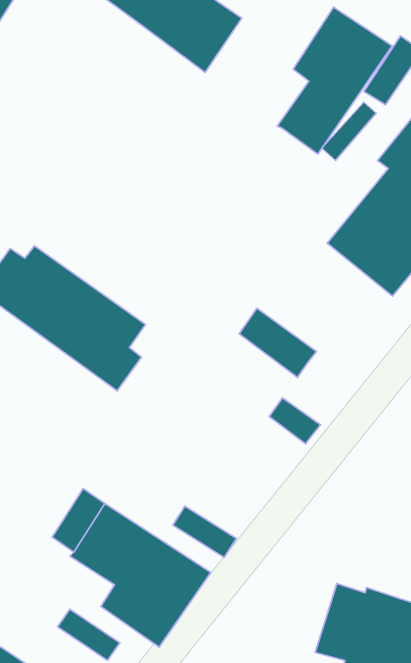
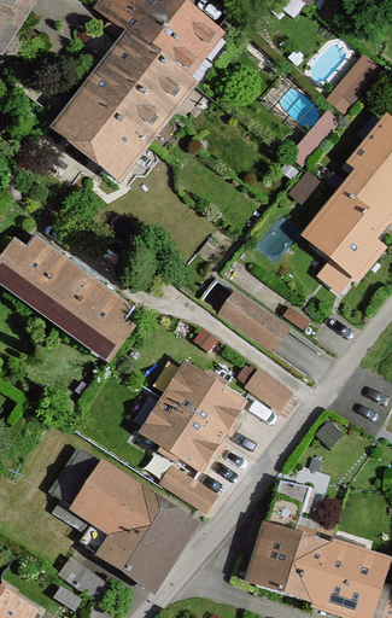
building: [277,7,392,154] -> none
building: none -> [48,31,197,185]
building: none -> [138,360,248,474]
building: none -> [245,521,306,596]

